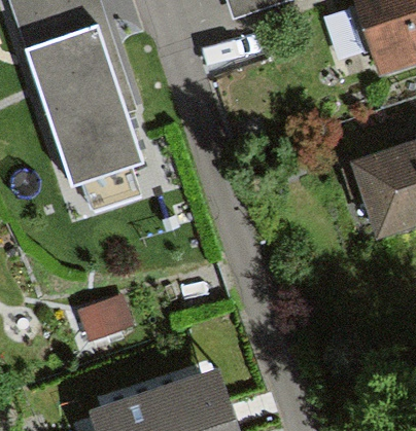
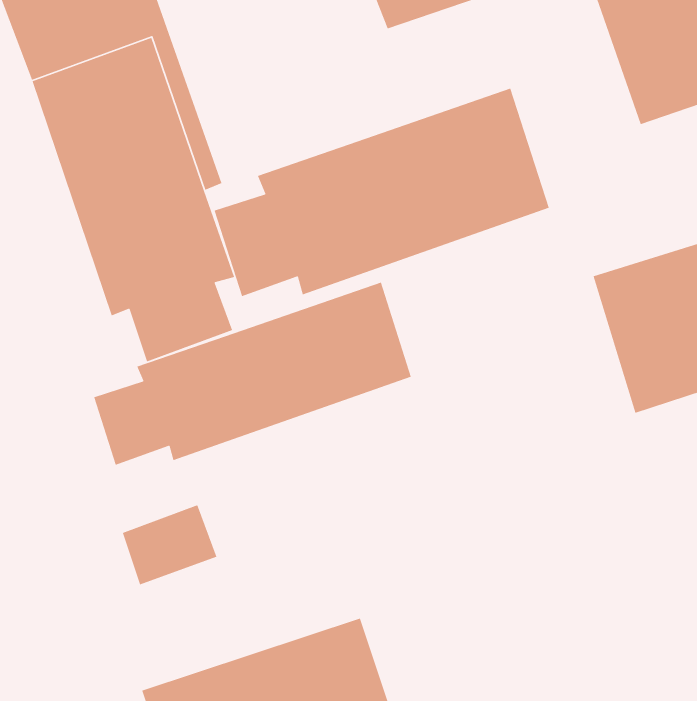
building: none -> [213,88,550,297]
building: none -> [93,281,412,466]

